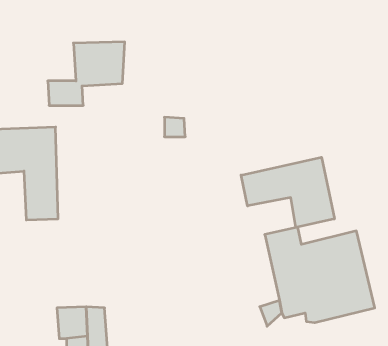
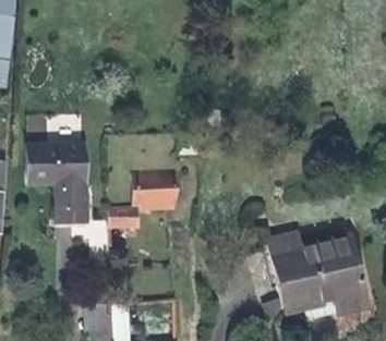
building: [48,42,125,105] -> [108,170,177,227]
building: [241,157,334,227] -> none

